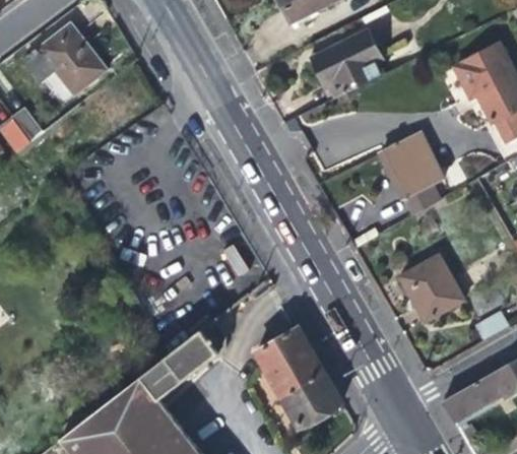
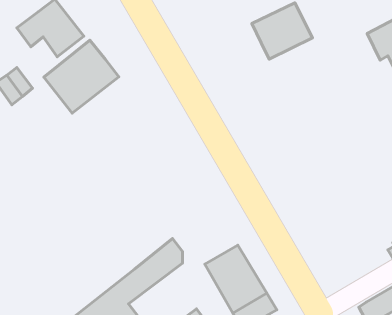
building: none -> [44,40,119,113]
building: [375,127,450,200] -> none
building: [398,253,462,321] -> none

